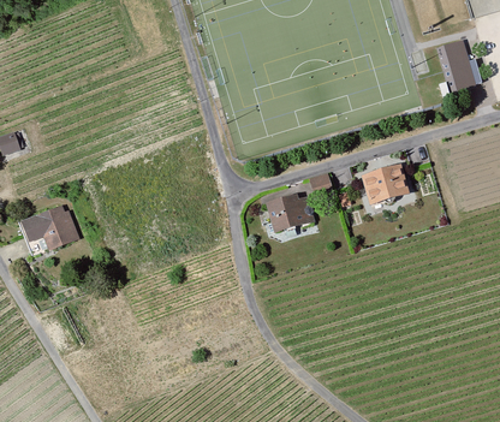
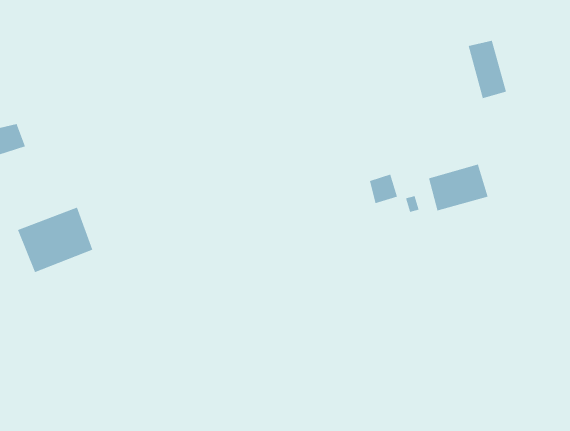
building: [442,41,475,90] -> [468,40,507,99]
building: [262,189,314,233] -> none

